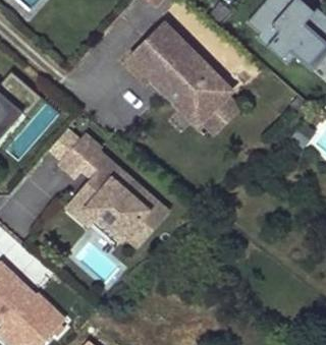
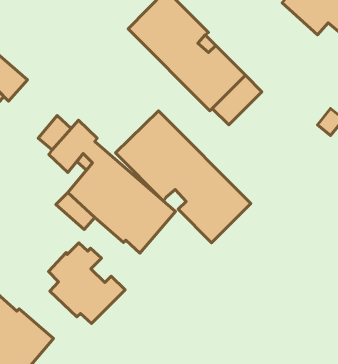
building: none -> [115,111,251,243]
building: none -> [48,243,125,324]

